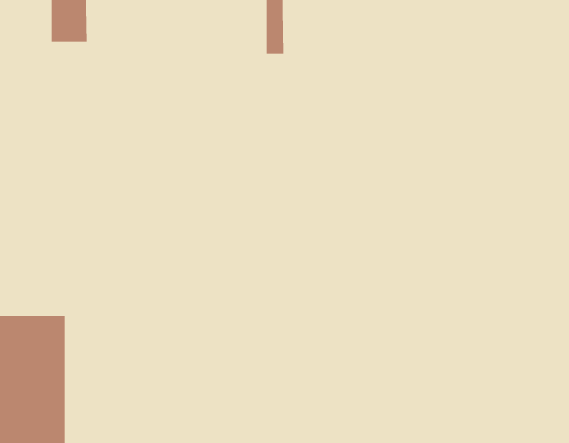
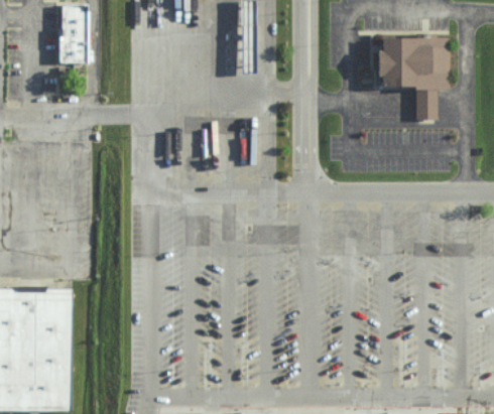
building: none -> [377,35,449,122]

